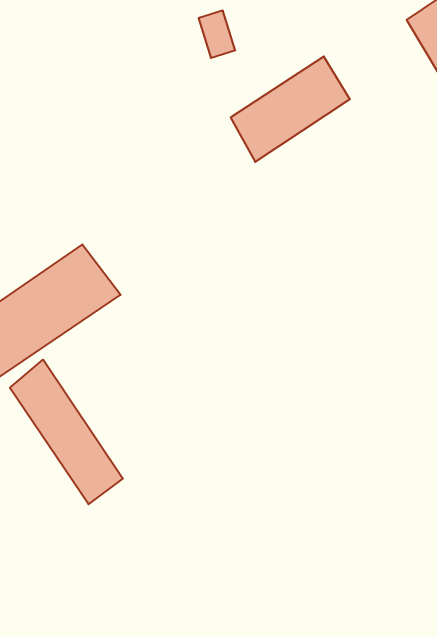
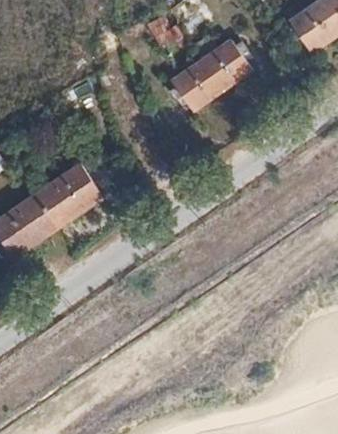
building: [10,360,123,504] -> none

